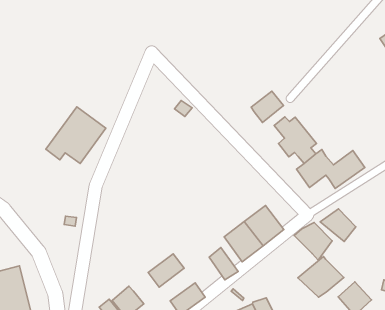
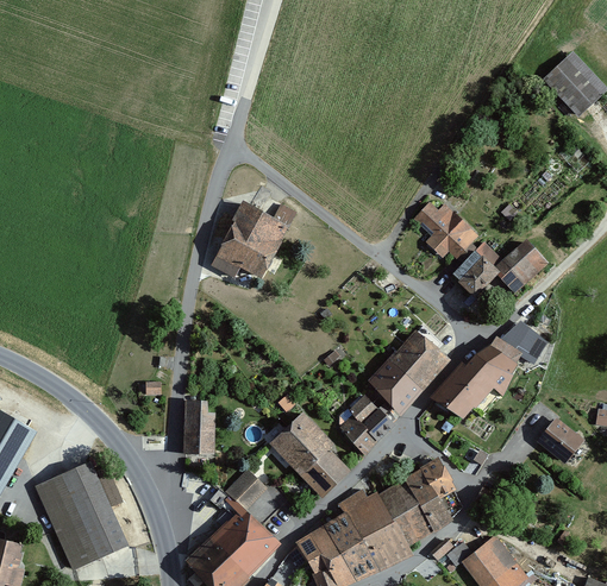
building: [251,91,283,122] -> none
building: [46,107,106,163] -> [209,202,288,279]
building: none -> [182,401,214,455]
building: [298,256,344,297] -> [428,363,492,420]
building: none -> [338,412,376,453]
building: none -> [287,433,336,480]

